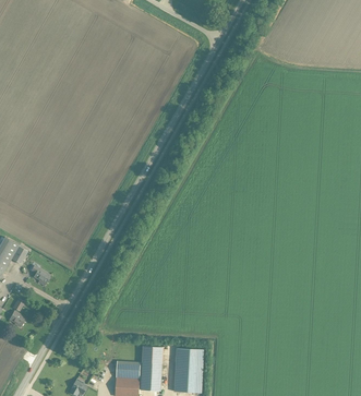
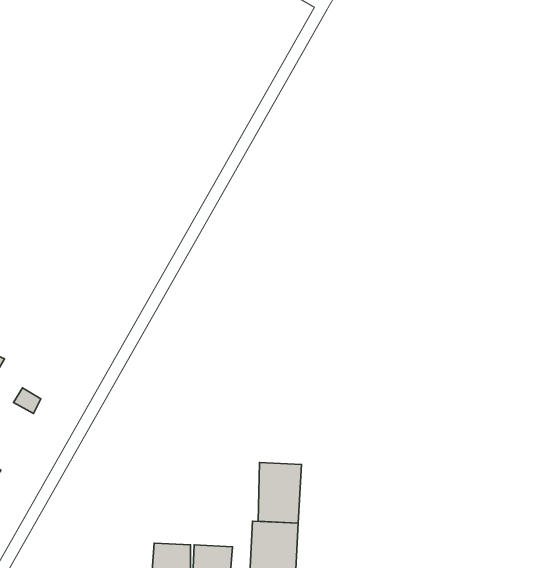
building: none -> [258,462,302,523]

